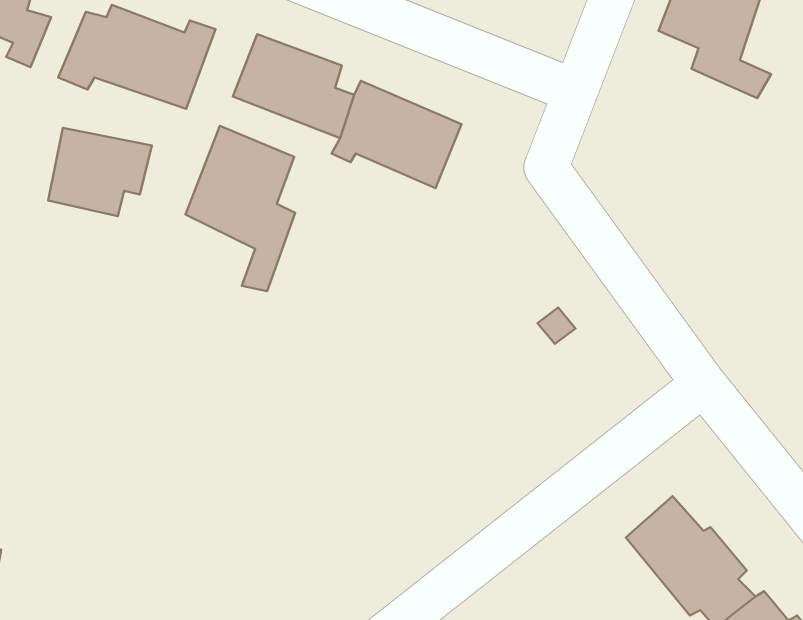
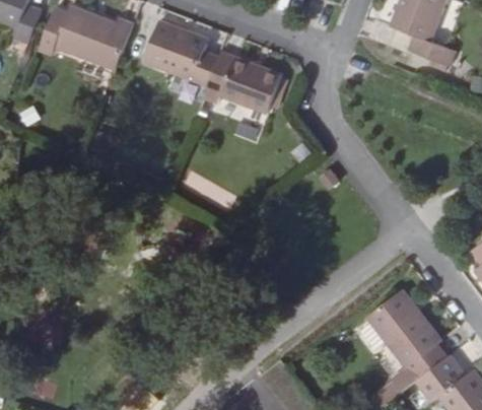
building: [186,126,295,291] -> none
building: [48,128,152,216] -> none

